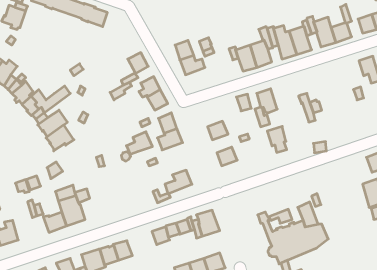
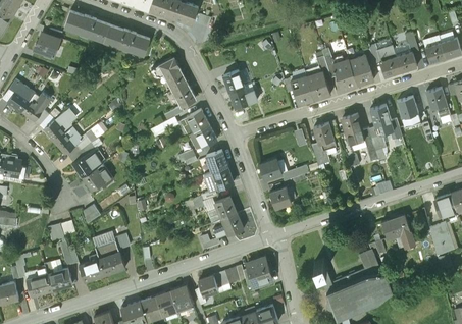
building: none -> [150,58,186,92]
building: none -> [397,98,419,127]
building: none -> [369,107,391,134]
building: [267,126,287,152] -> [341,115,362,144]
building: [126,132,152,154] -> [207,198,236,222]
building: none -> [380,215,414,249]
building: none -> [44,262,72,290]
building: none -> [170,285,194,316]

